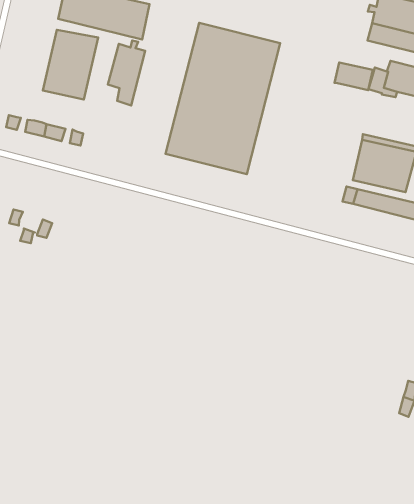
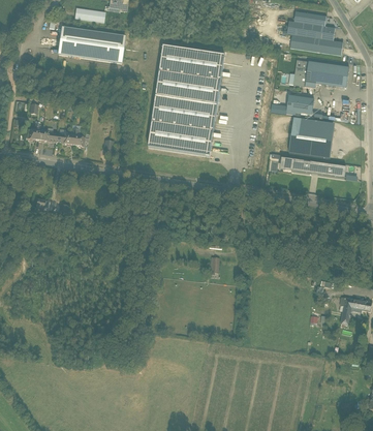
building: [43,30,98,100] -> none
building: [108,41,145,105] -> none
building: [334,62,373,90] -> [286,94,314,113]

